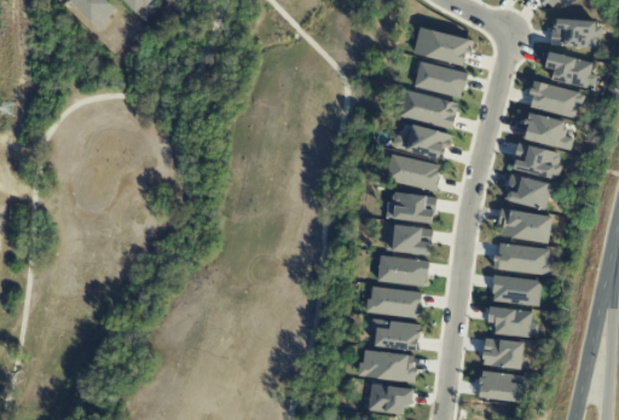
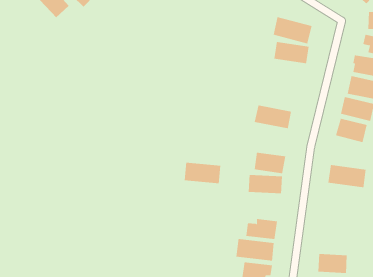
building: [400,90,458,128] -> none
building: [392,123,451,160] -> none
building: [388,191,436,223] -> none
building: [497,208,553,243] -> none
building: [491,275,540,305] -> none
building: [368,287,422,318] -> [184,162,221,184]
building: [487,306,538,338] -> none
building: [481,338,523,369] -> none

